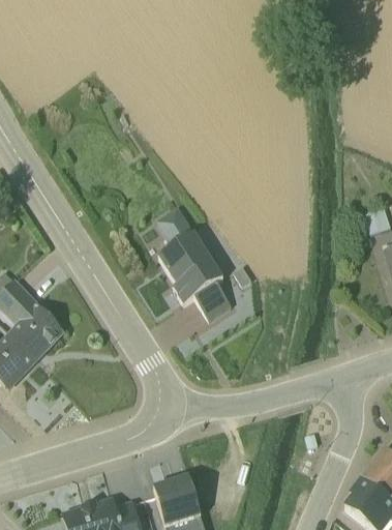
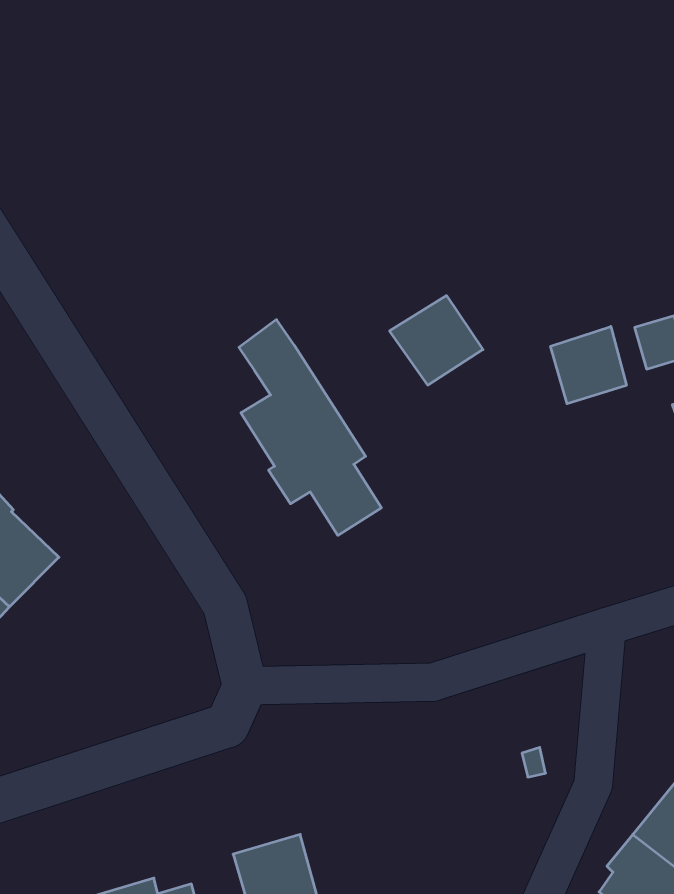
building: none -> [390,296,483,385]
building: none -> [551,326,626,404]

